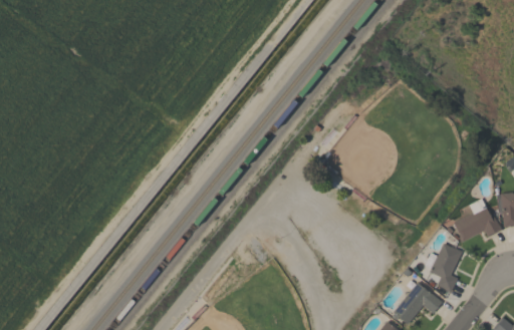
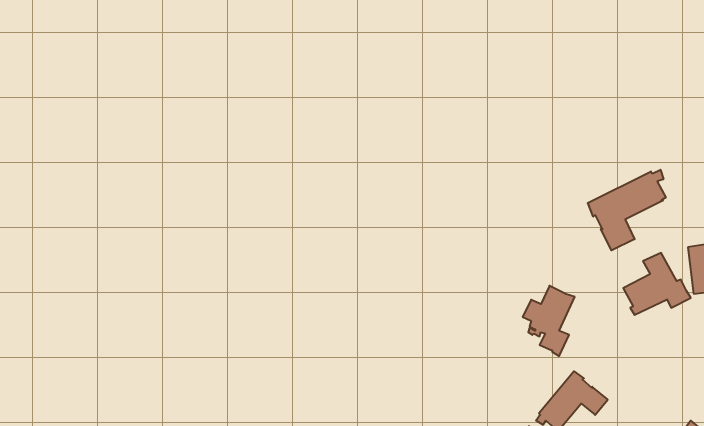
building: none -> [588,170,666,250]
building: [425,243,462,293] -> [523,286,575,356]

